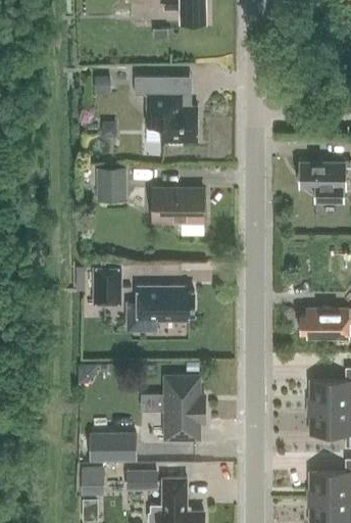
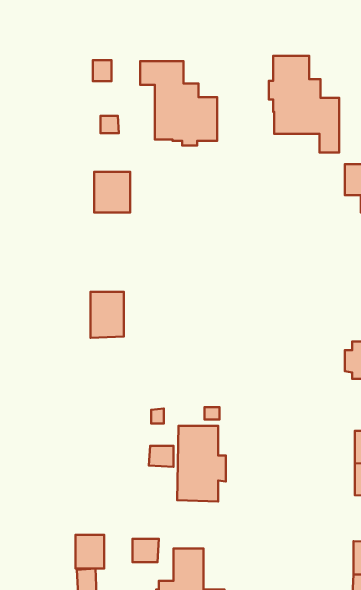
building: none -> [269,56,339,152]
building: [152,191,203,224] -> none
building: [137,288,194,322] -> none
building: [90,432,137,461] -> none

